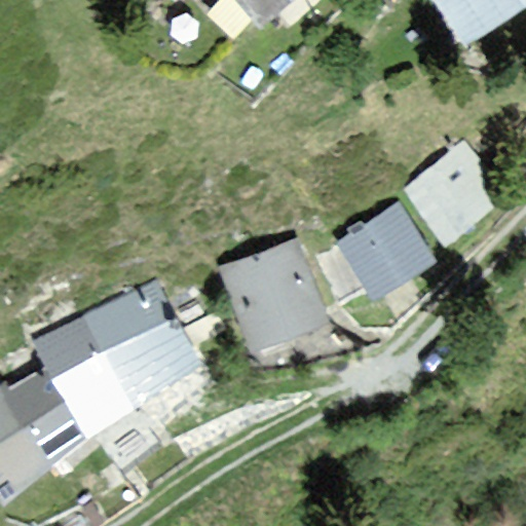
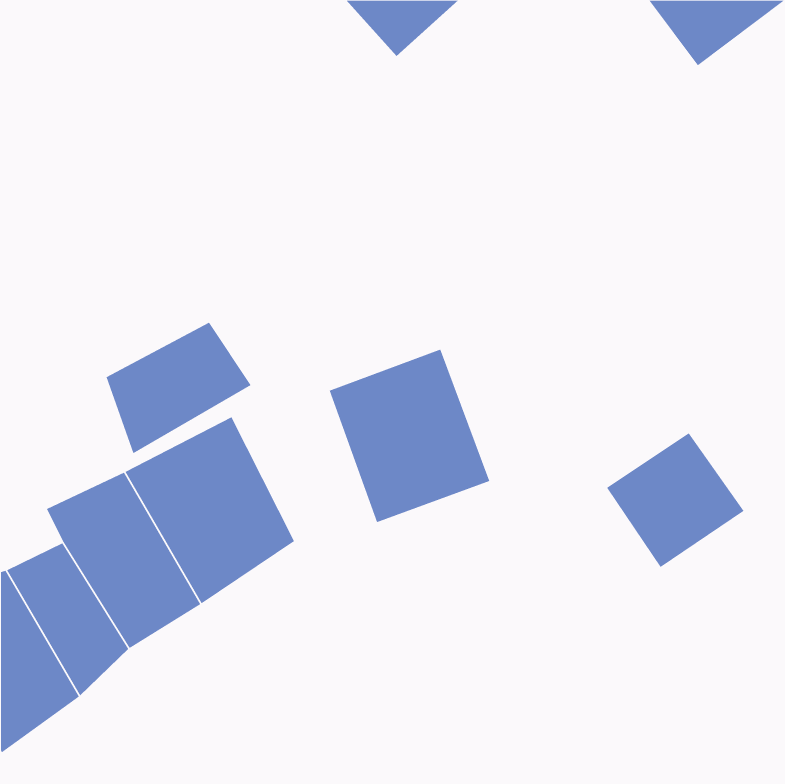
building: [399,137,514,254] -> none
building: [340,205,433,296] -> [606,432,745,568]
building: none -> [106,322,252,454]

